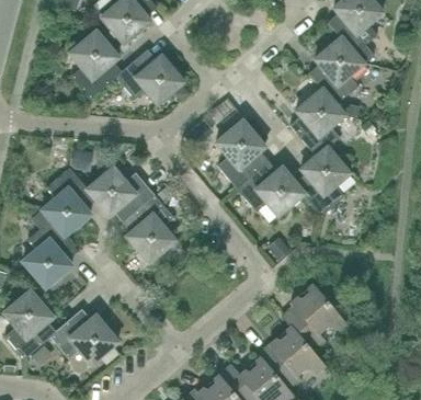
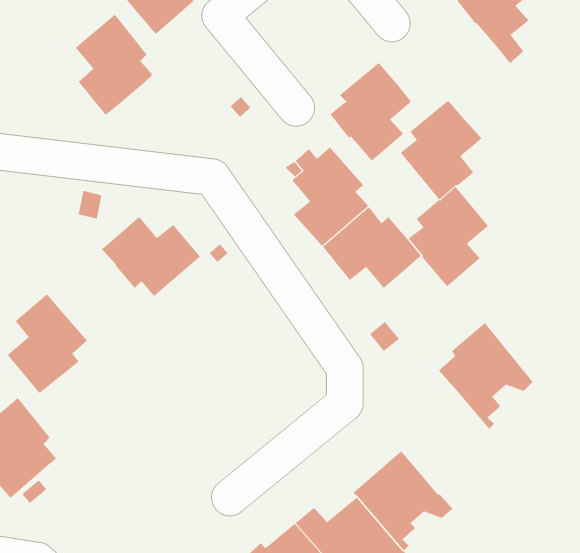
building: [308,36,364,104] -> [329,61,412,161]
building: [116,48,184,104] -> none
building: [42,168,96,236] -> none
building: [123,194,175,263] -> none
building: [282,283,346,355] -> [438,322,534,429]
building: [50,308,118,364] -> none

